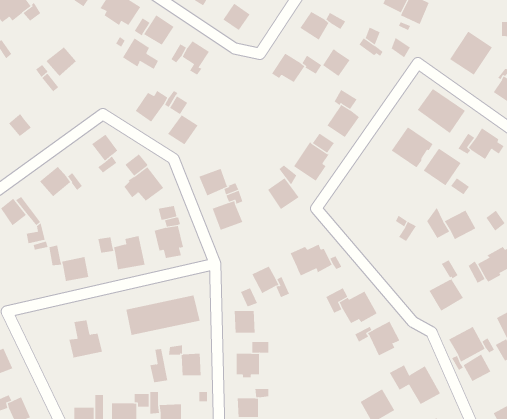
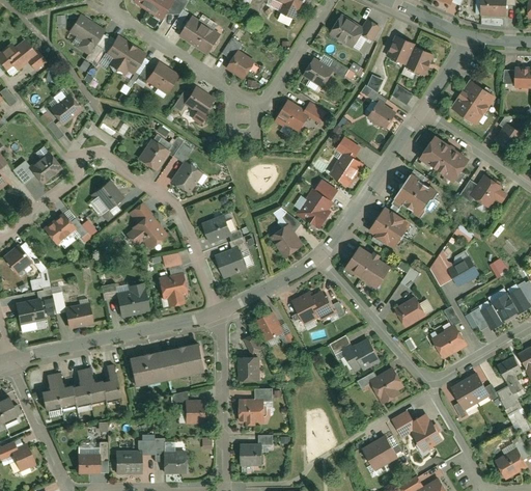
building: [122,38,159,70] -> none
building: [322,49,350,77] -> [368,102,396,130]
building: none -> [29,153,61,184]
building: [423,148,461,186] -> [370,209,409,247]
building: none -> [346,247,390,288]
building: none -> [394,297,426,328]
building: none -> [16,300,44,325]
building: none -> [43,373,77,410]
building: [149,348,168,383] -> [103,365,121,400]
building: [463,353,491,382] -> none

